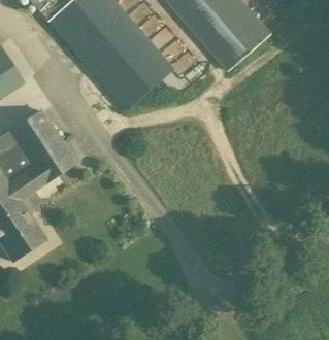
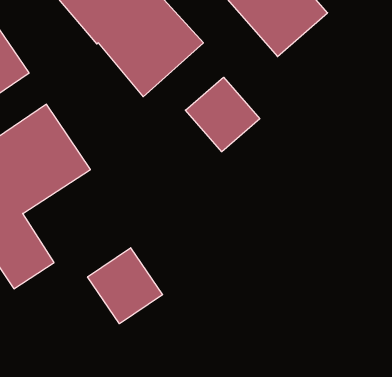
building: none -> [185,77,260,152]
building: none -> [88,248,163,324]

